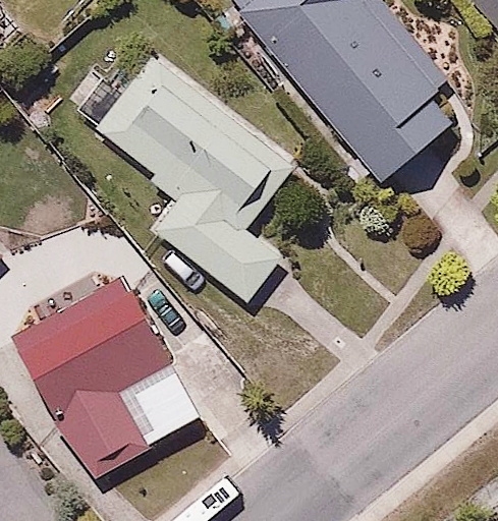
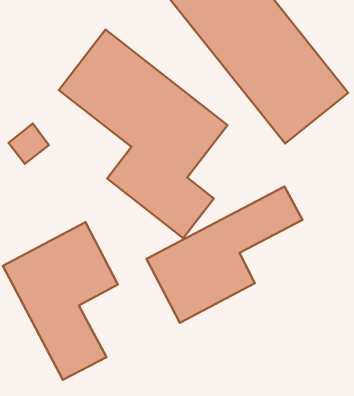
building: none -> [147,186,302,323]

